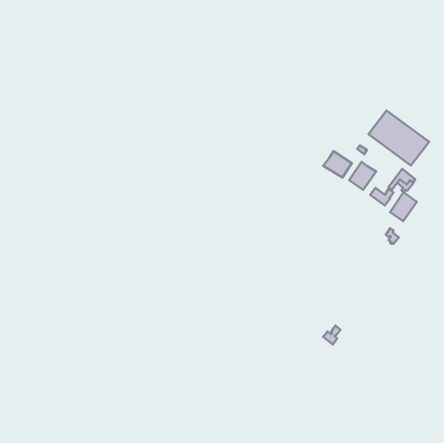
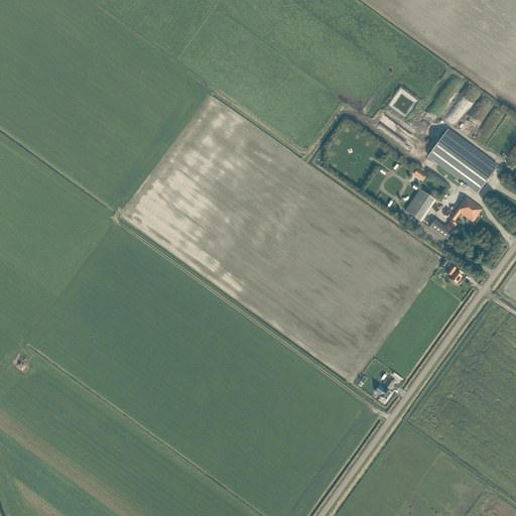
building: [323,151,352,178] -> none
building: [390,192,417,221] -> none

